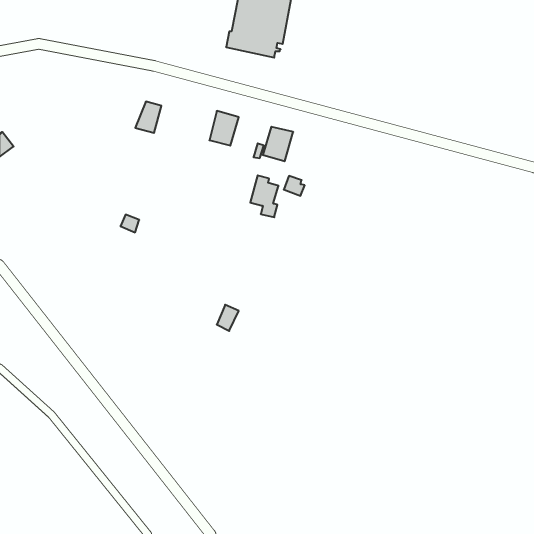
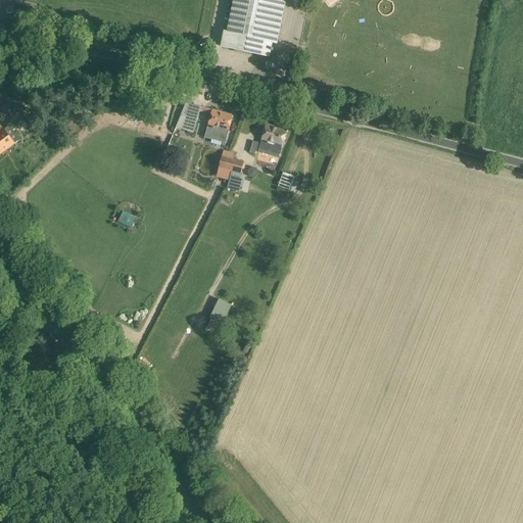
building: [135,102,161,133] -> [175,102,200,133]
building: [250,175,279,217] -> [216,150,243,191]

